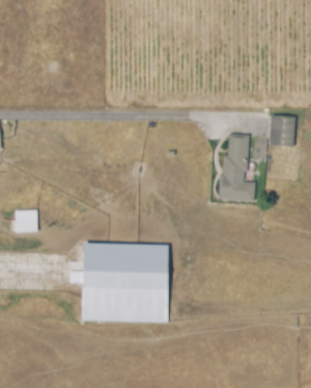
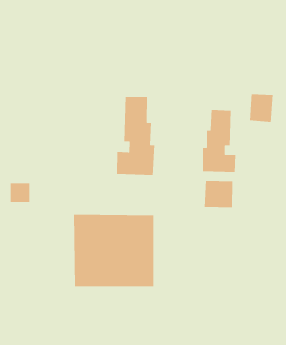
building: none -> [116,96,155,176]
building: none -> [204,180,233,208]

